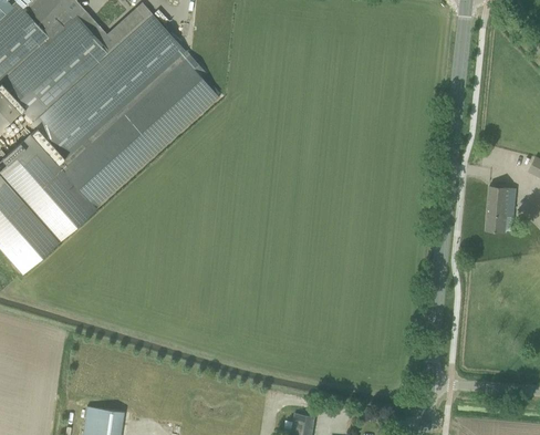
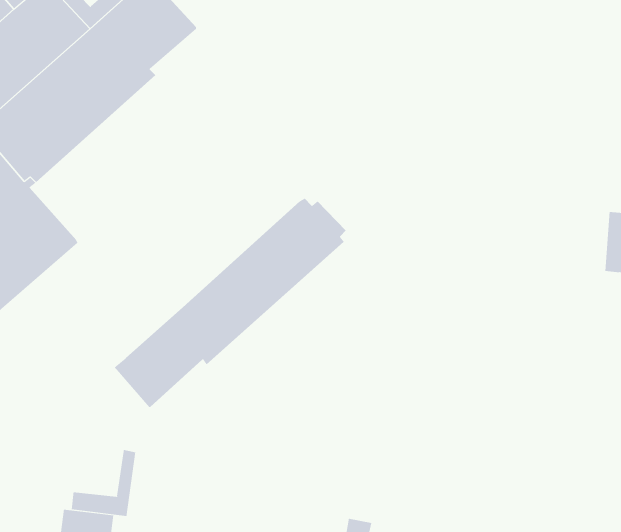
building: [62,54,218,207] -> none
building: none -> [114,198,347,408]
building: none -> [71,449,136,517]

